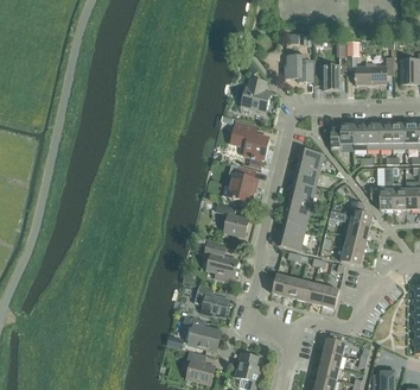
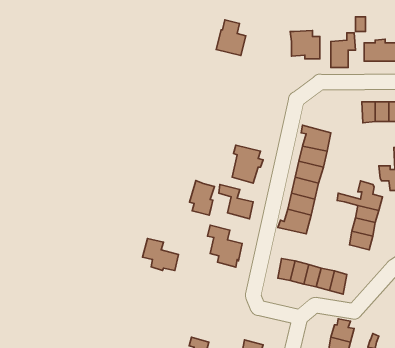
building: [241,77,269,112] -> [216,20,246,56]
building: [230,121,267,168] -> none
building: [330,124,354,149] -> none
building: none -> [189,180,214,215]
building: [193,285,228,316] -> [143,239,178,271]
building: [187,317,219,351] -> none

